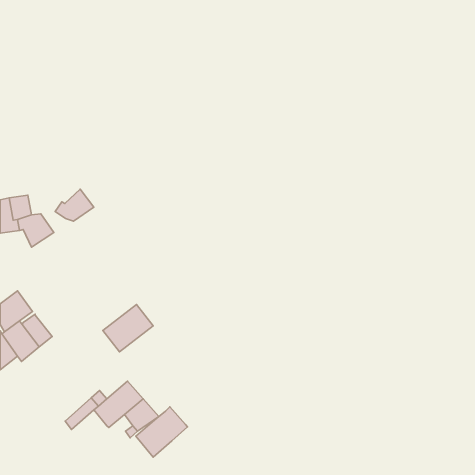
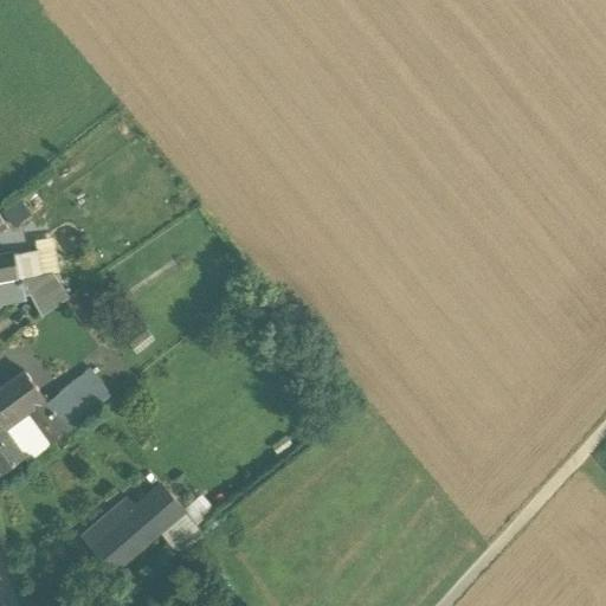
building: [55,189,94,221] -> none
building: [103,304,153,352] -> [45,368,109,428]
building: [136,407,187,457] -> none
building: none -> [91,522,136,566]

